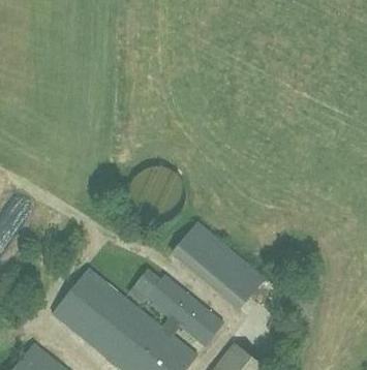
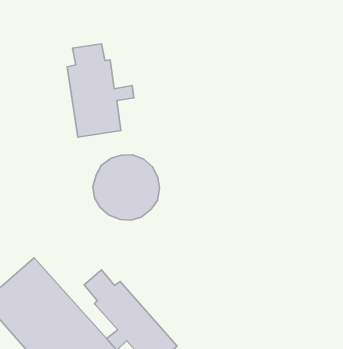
building: none -> [67,44,134,137]
building: [173,221,266,308] -> none

